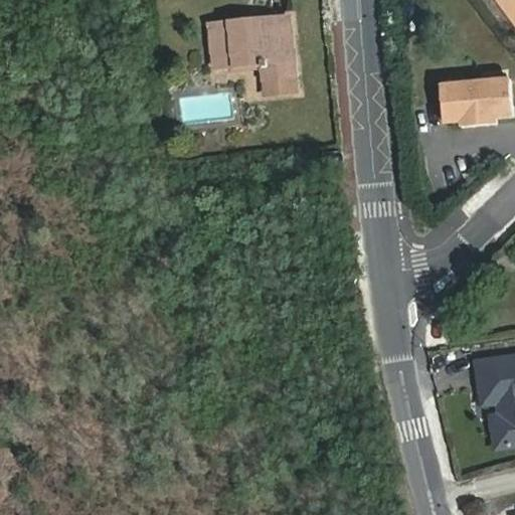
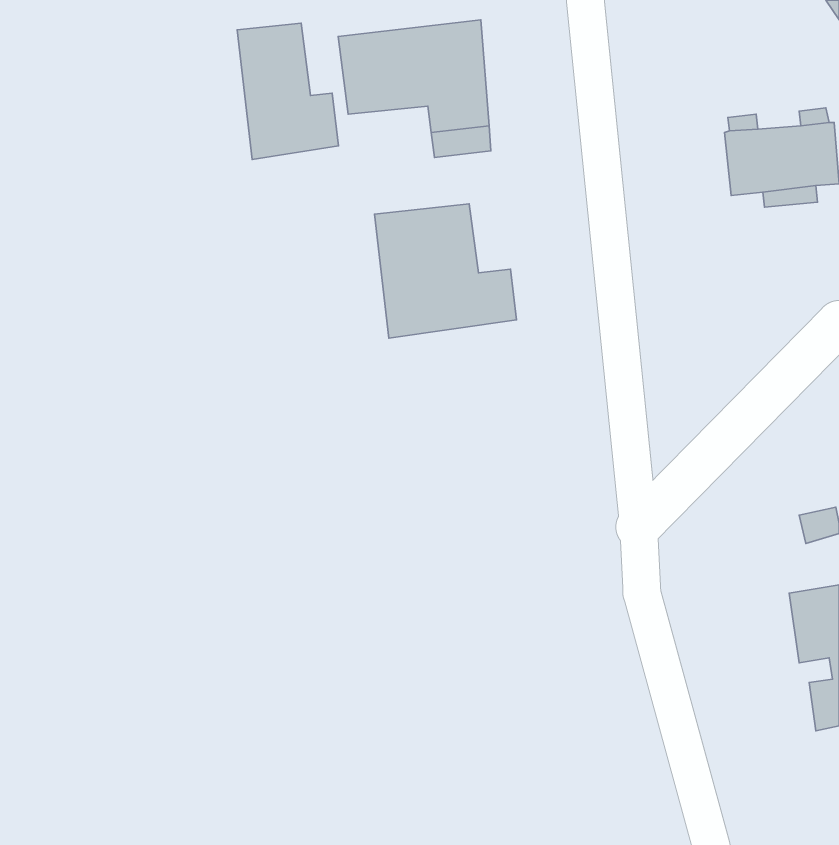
building: none -> [237,23,338,160]
building: none -> [375,204,517,338]

